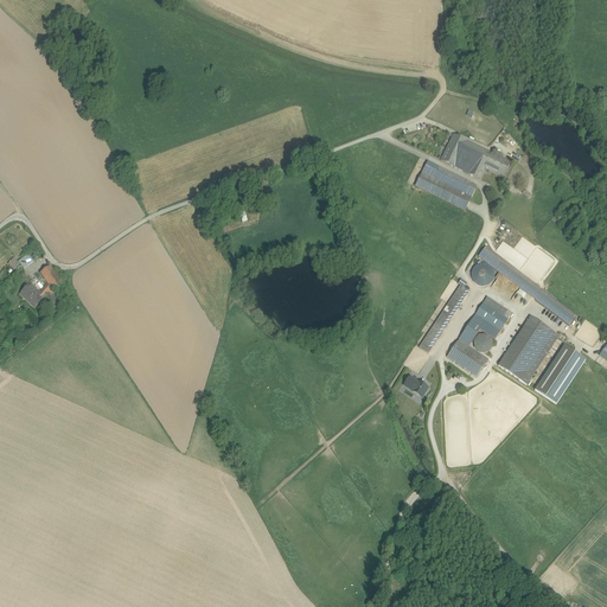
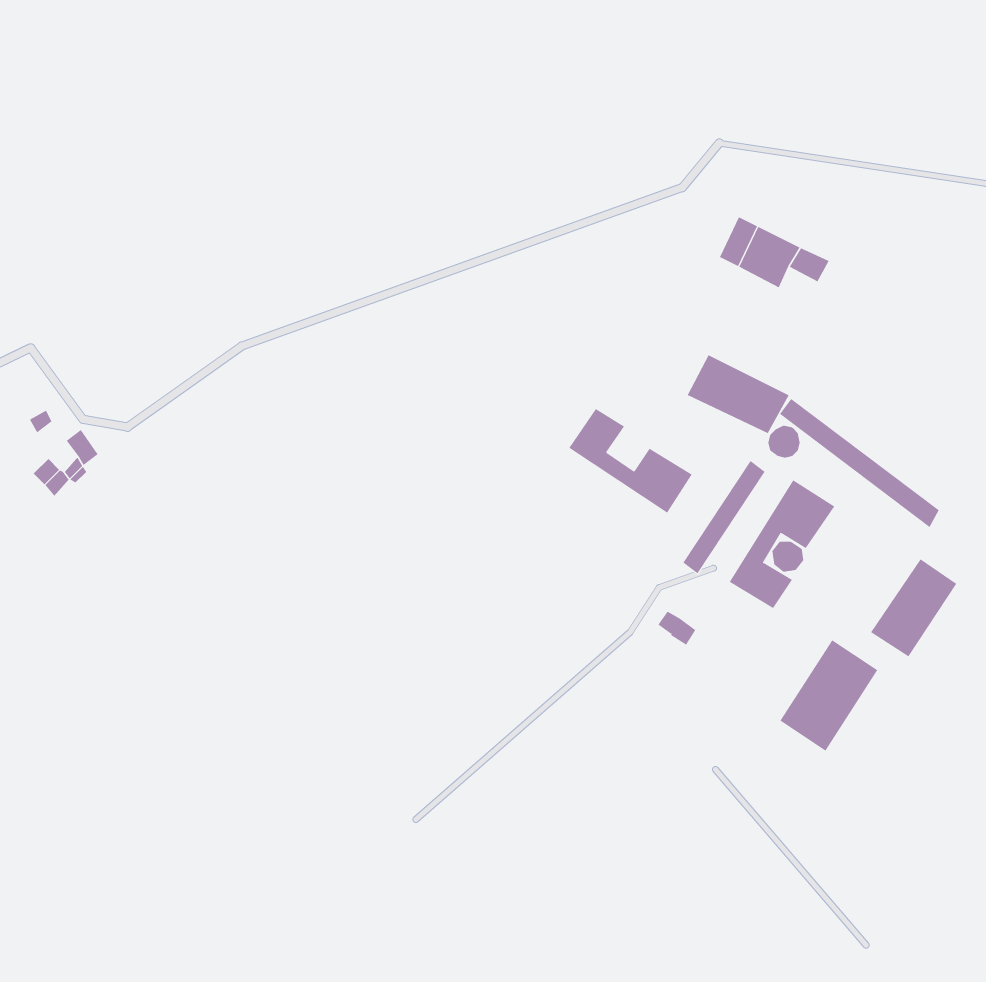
building: [414,159,477,207] -> [687,354,789,434]
building: none -> [569,408,693,513]
building: [498,314,558,383] -> [780,639,878,751]

